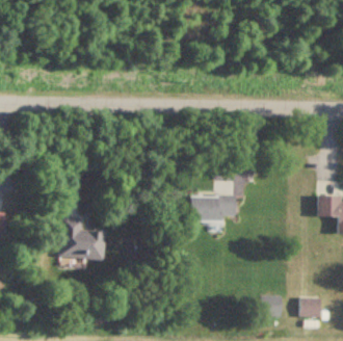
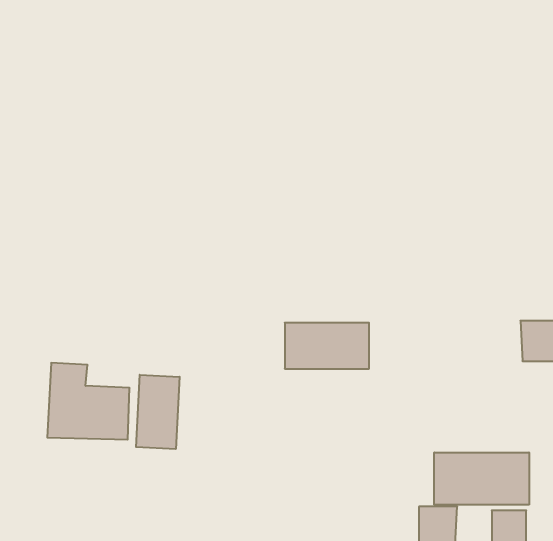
building: none -> [136,375,180,449]
building: none -> [434,452,529,505]

